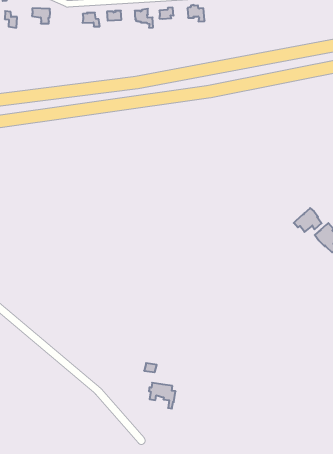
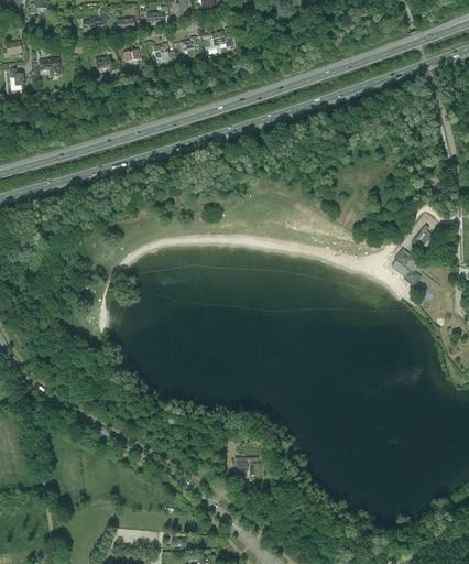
building: [294,208,322,232] -> none

